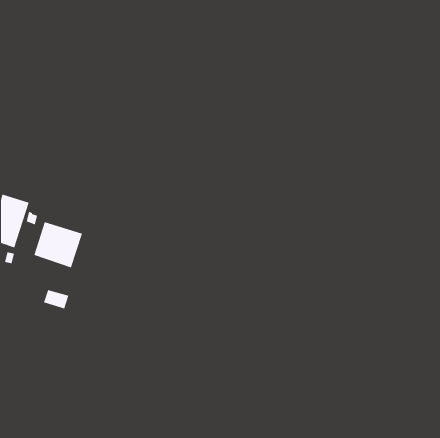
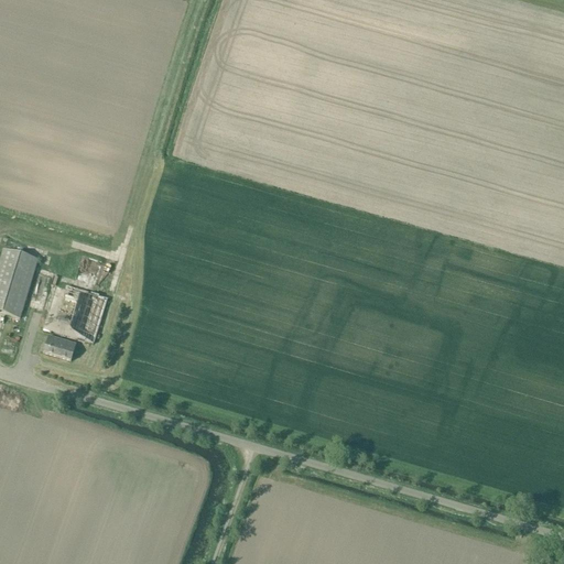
building: [43,289,69,309] -> [43,334,76,359]

